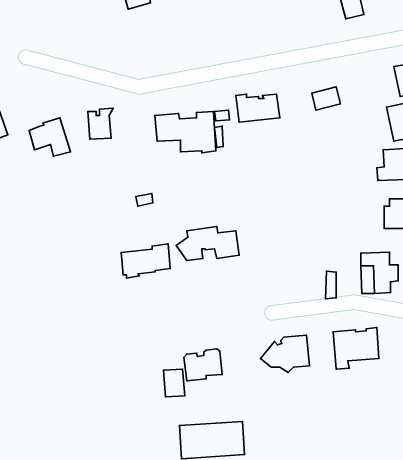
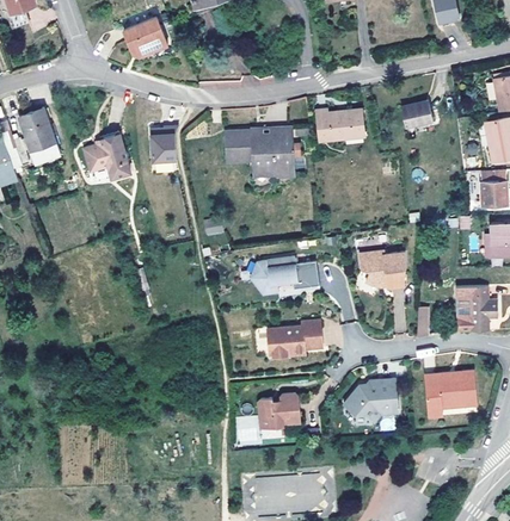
building: none -> [123,17,167,56]
building: none -> [358,248,404,287]
building: [121,244,170,278] -> [266,320,321,358]

